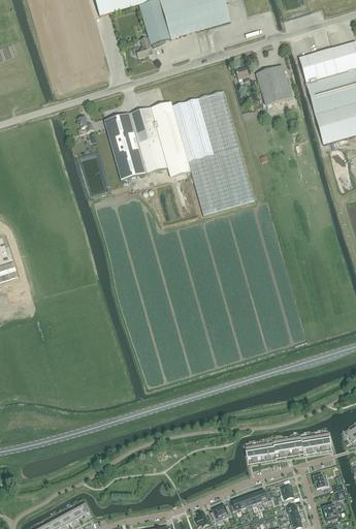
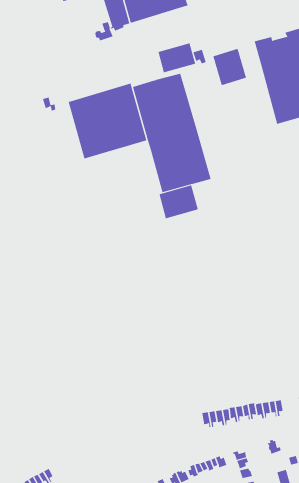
building: none -> [158,42,196,73]
building: none -> [159,185,199,219]

